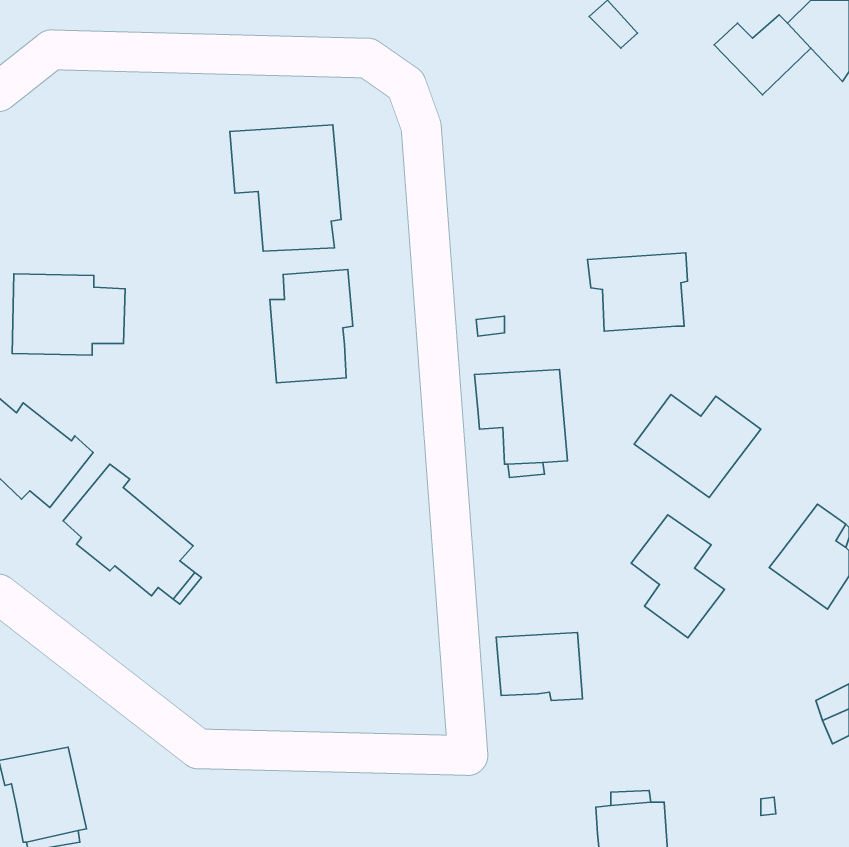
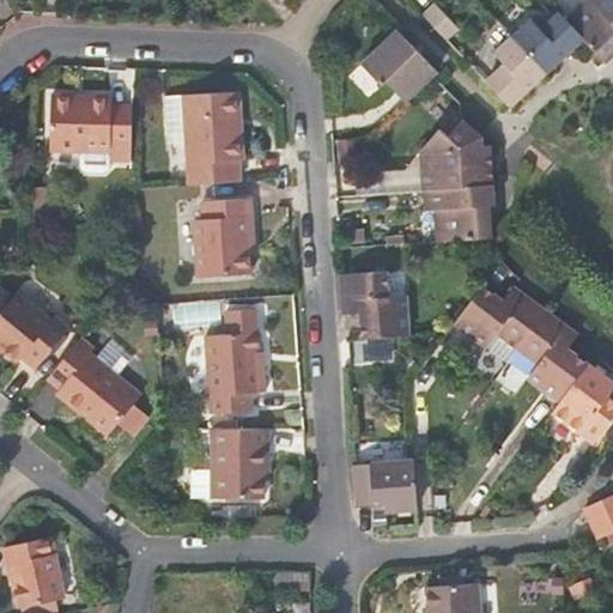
building: none -> [360,29,437,103]
building: none -> [488,35,548,104]
building: none -> [418,119,493,189]
building: [12,274,125,355] -> [49,92,131,151]
building: none -> [204,308,265,411]
building: [631,515,724,638] -> [521,311,588,400]
building: none -> [196,427,269,497]

